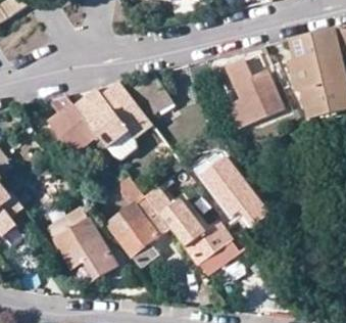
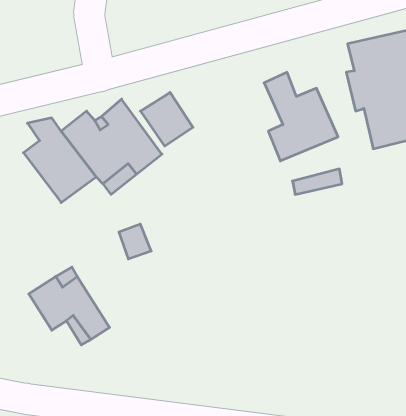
building: [194,153,268,229] -> none
building: [146,184,239,275] -> none
building: [107,198,166,270] -> none

